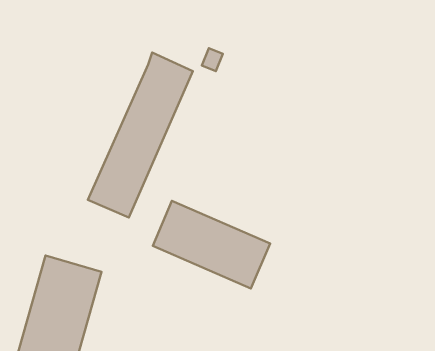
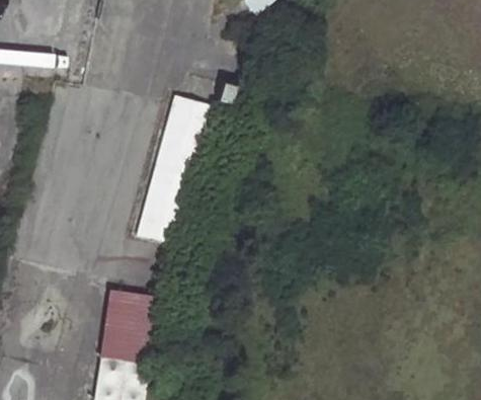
building: [153,201,270,288] -> none

